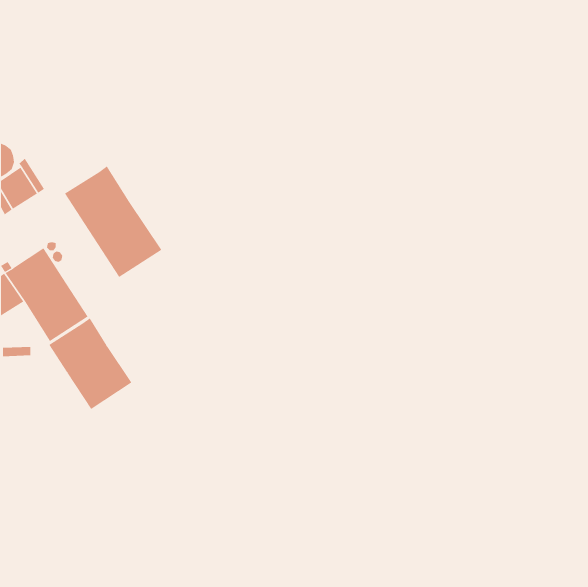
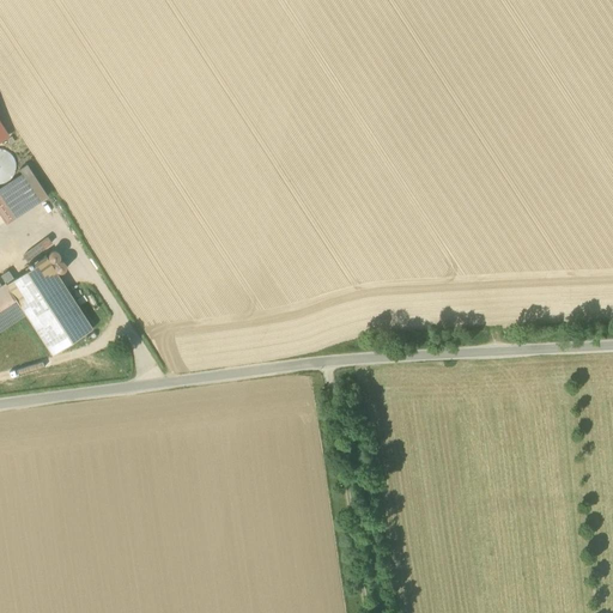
building: [64,165,162,278] -> none
building: [49,318,132,410] -> none

